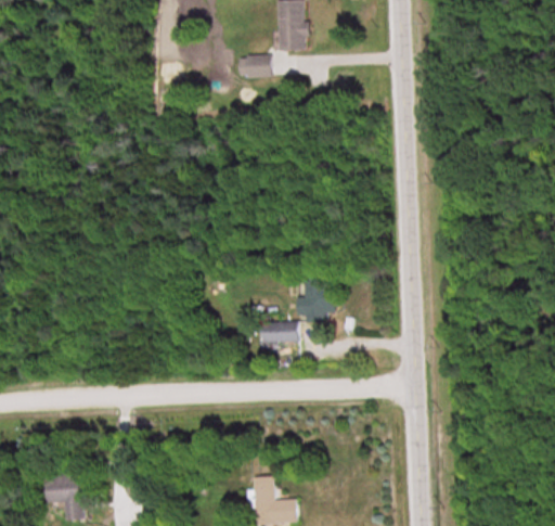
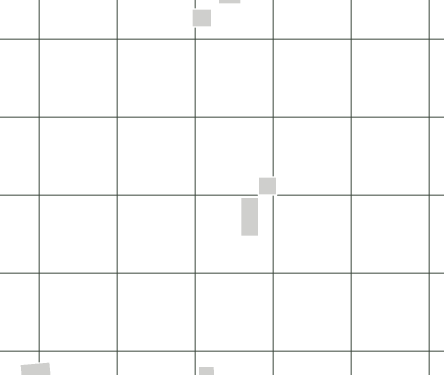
building: none -> [259,177,276,195]
building: [260,323,298,344] -> none

